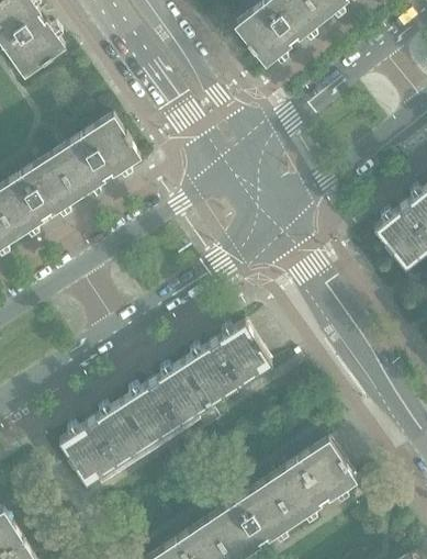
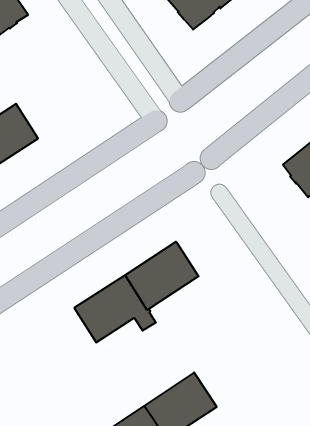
building: [52,116,141,199] -> none
building: [59,404,148,485] -> none
building: [267,440,356,524] -> none

